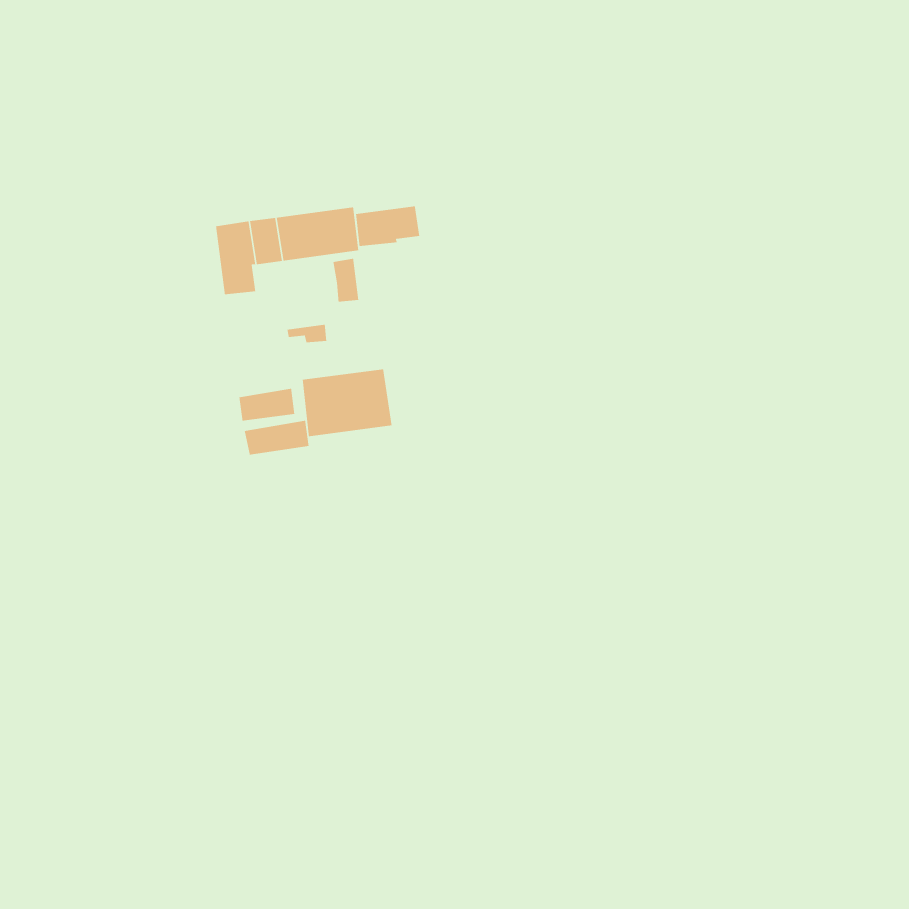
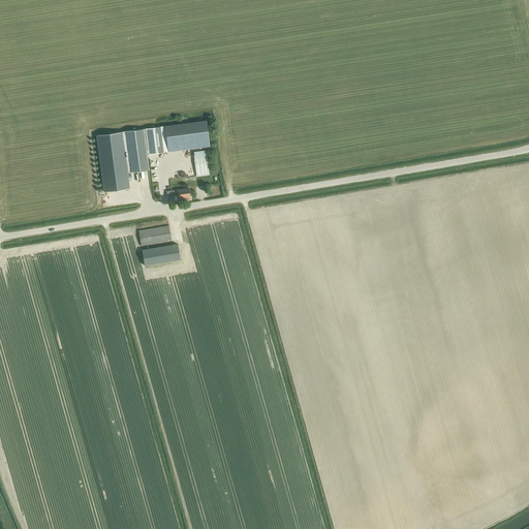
building: [355,205,420,247] -> none
building: none -> [96,131,130,191]
building: [302,369,392,437] -> none

